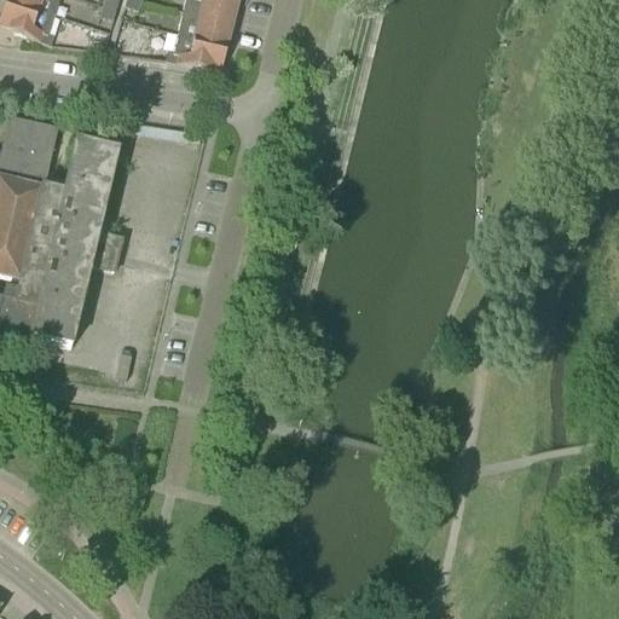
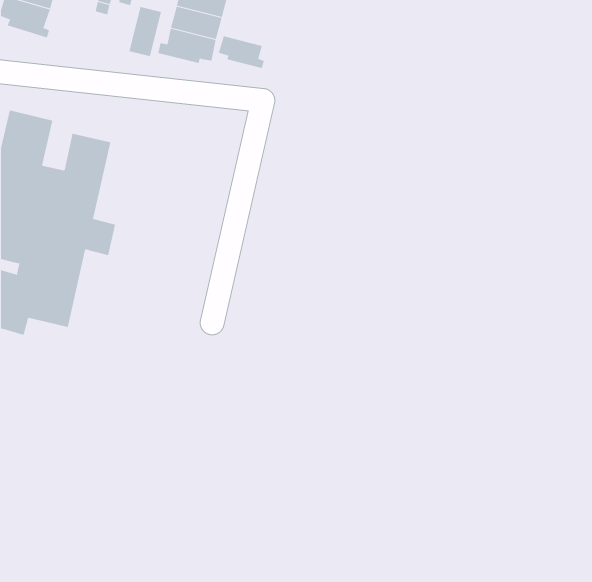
building: none -> [129,6,162,57]
building: none -> [218,36,265,69]

